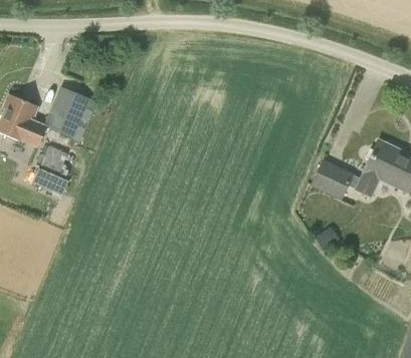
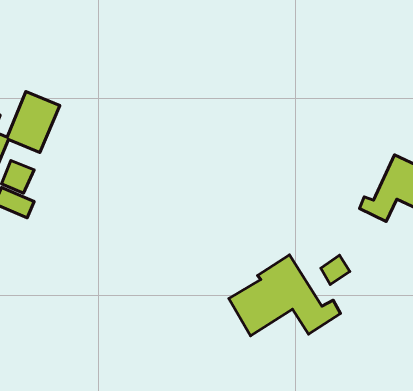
building: [314,162,355,201] -> none
building: none -> [229,255,341,336]

